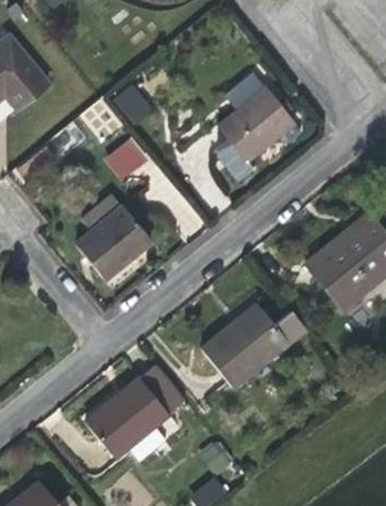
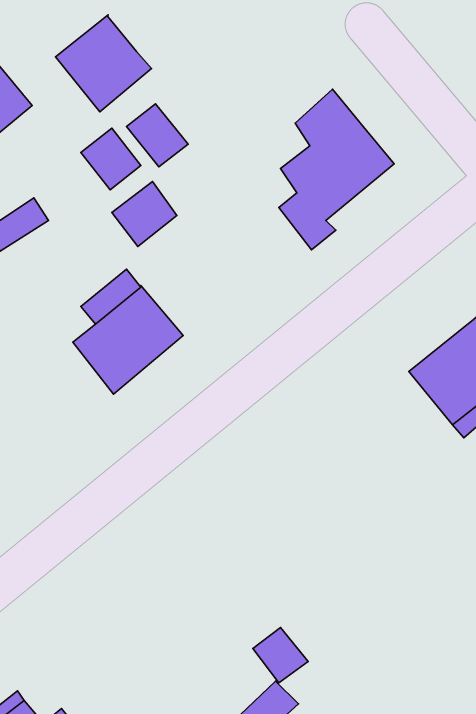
building: none -> [56,15,151,112]
building: [201,303,290,388] -> none
building: [85,365,184,462] -> none

